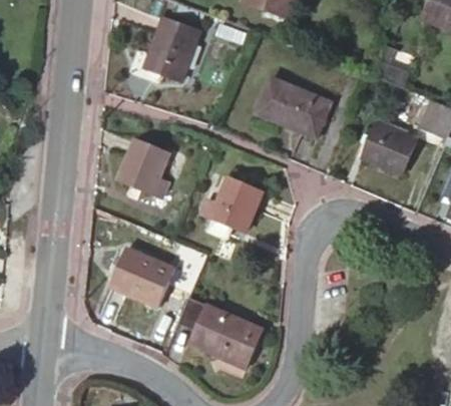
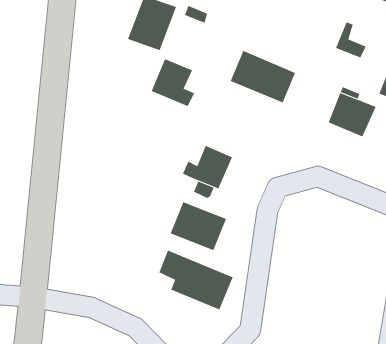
building: [120,143,168,196] -> [151,58,195,107]
building: [112,250,174,304] -> [170,201,227,251]

